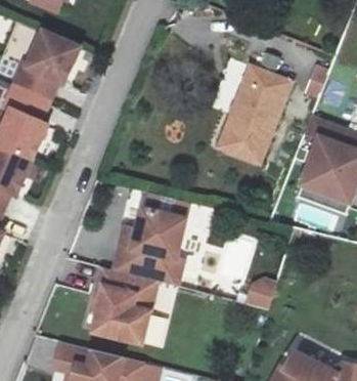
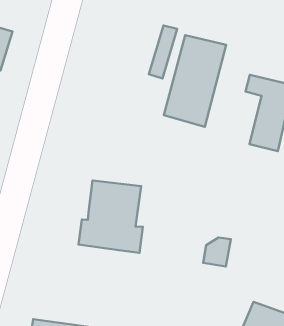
building: [97,265,161,341] -> none

